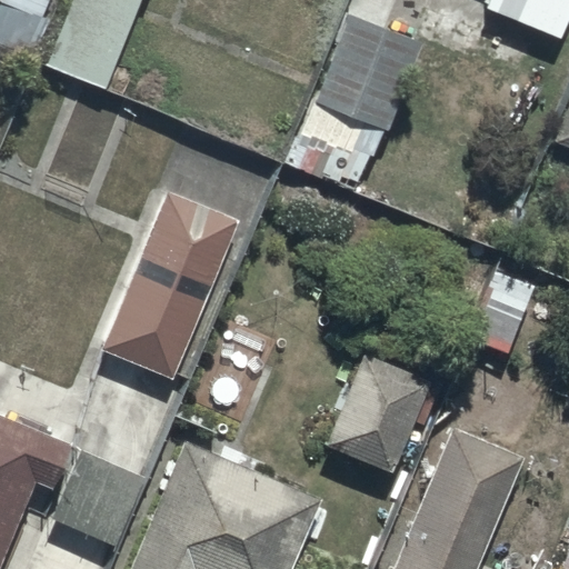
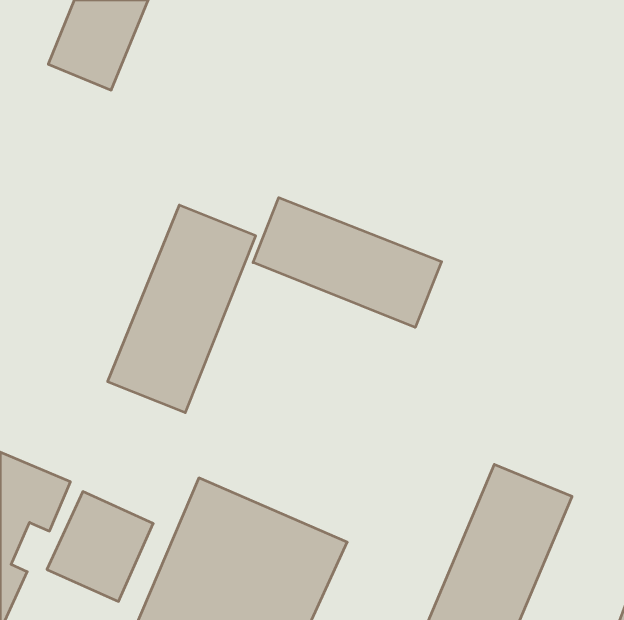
building: [293,14,421,180] -> none
building: none -> [253,198,442,327]
building: [325,355,431,471] -> none

